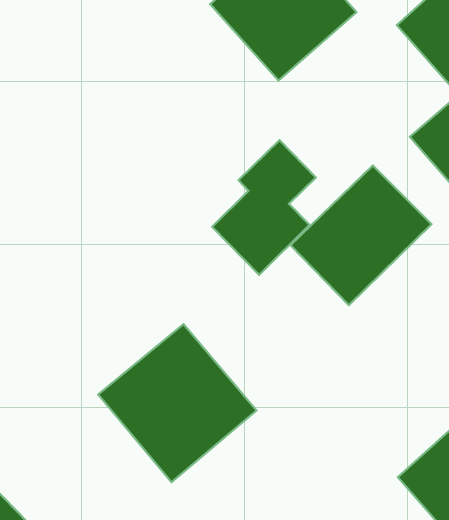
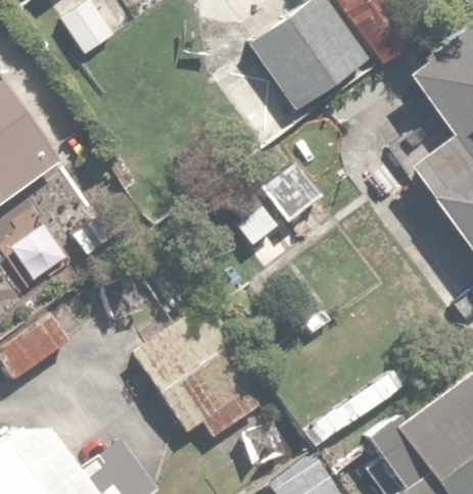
building: [291,165,432,305] -> none

